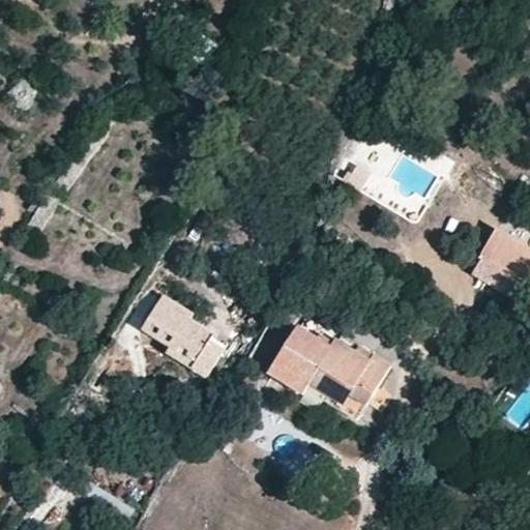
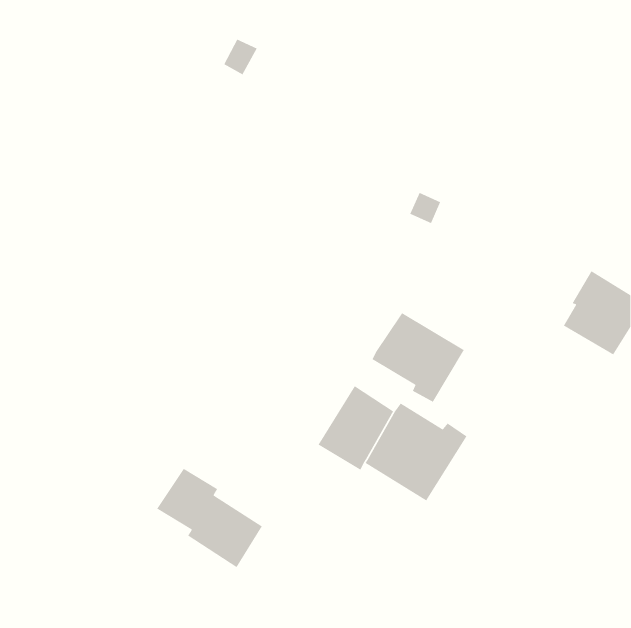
building: none -> [371,312,465,403]
building: [139,293,228,377] -> [156,468,263,568]

